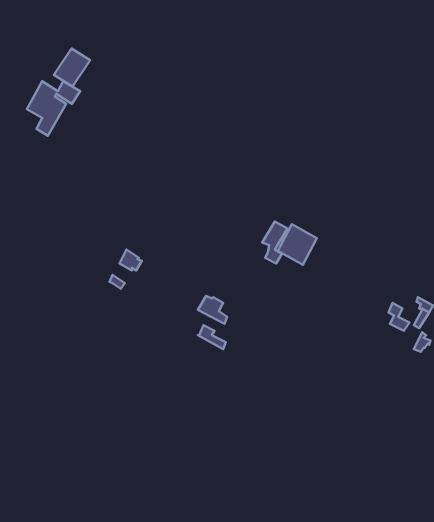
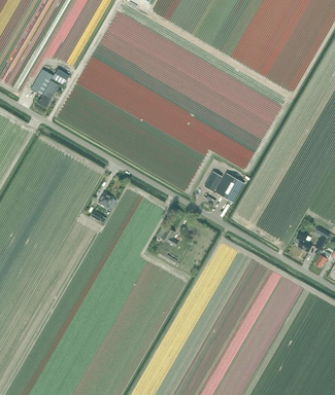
building: [54,48,90,87] -> none

